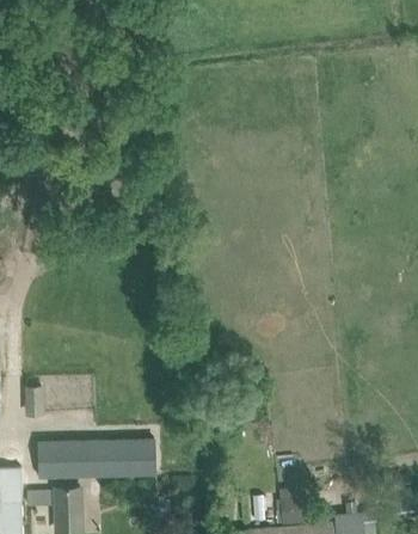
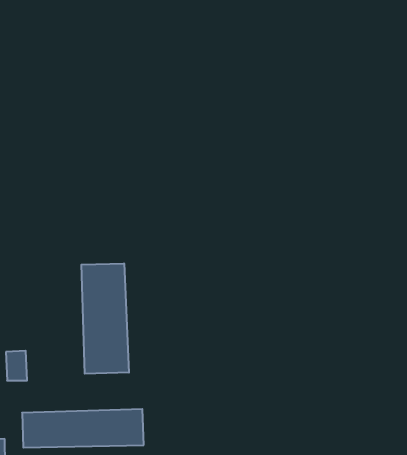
building: none -> [81,263,129,374]

